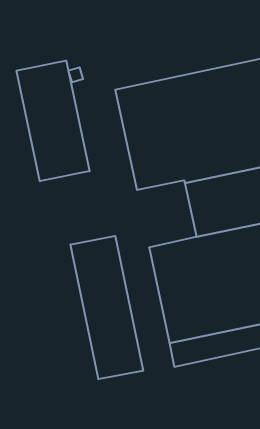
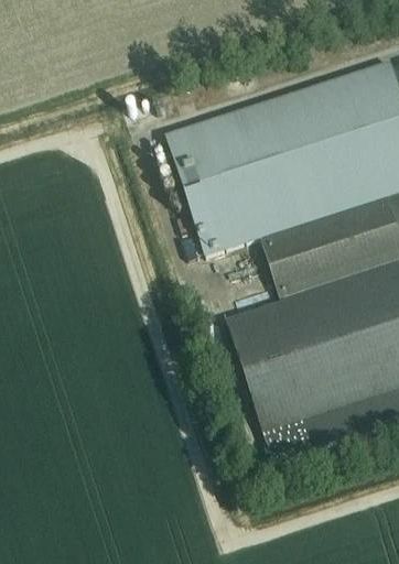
building: [17,61,90,181] -> none
building: [70,236,143,379] -> none

